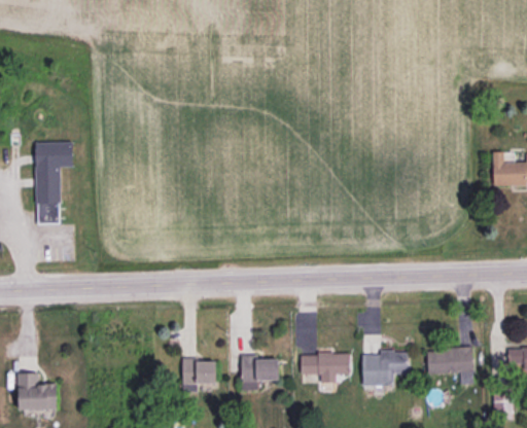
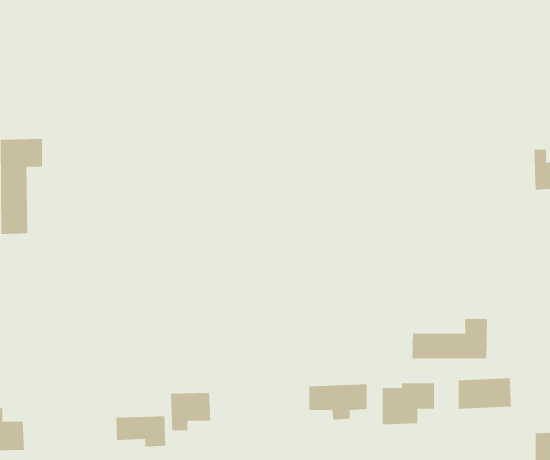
building: none -> [412,318,487,359]
building: [241,355,279,390] -> none
building: none -> [116,415,166,447]

